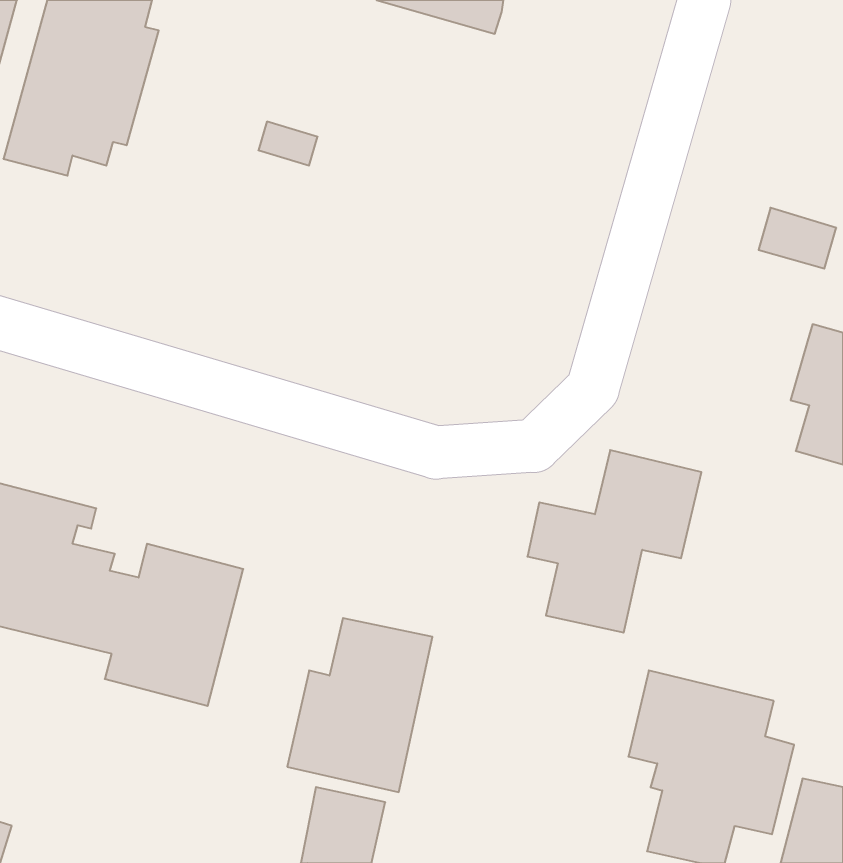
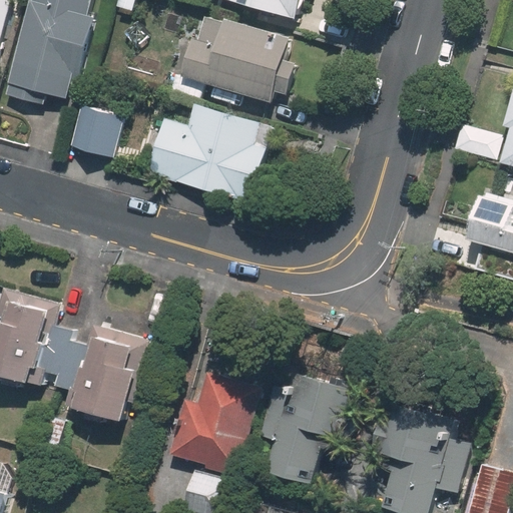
building: none -> [181,18,295,103]
building: none -> [67,102,121,157]
building: none -> [145,104,274,205]
building: [527,450,701,633] -> [254,372,358,480]

